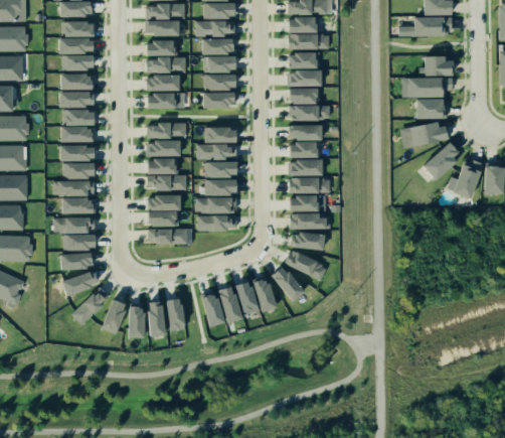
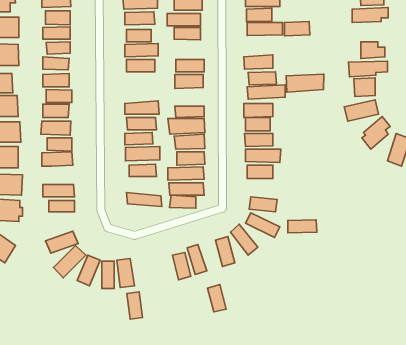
building: [289,52,318,68] -> [284,22,310,36]
building: [205,56,237,70] -> none
building: none -> [286,74,324,92]
building: [150,94,181,110] -> none
building: [56,197,89,214] -> none
building: [151,211,181,227] -> [170,195,196,208]
building: [291,213,324,229] -> [288,220,317,233]
building: [58,253,92,271] -> none
building: [236,282,258,313] -> [208,285,226,312]
building: [161,298,179,329] -> [127,292,143,319]

